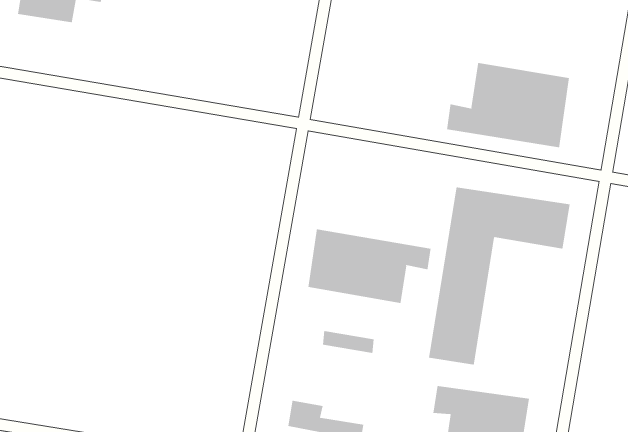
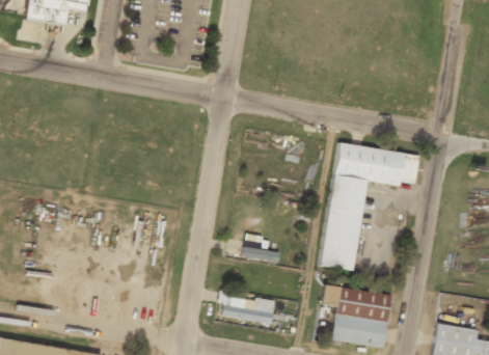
building: [446,62,569,148] -> none
building: [308,229,431,304] -> none

